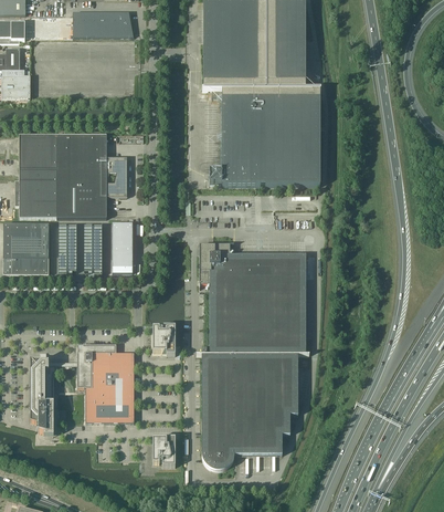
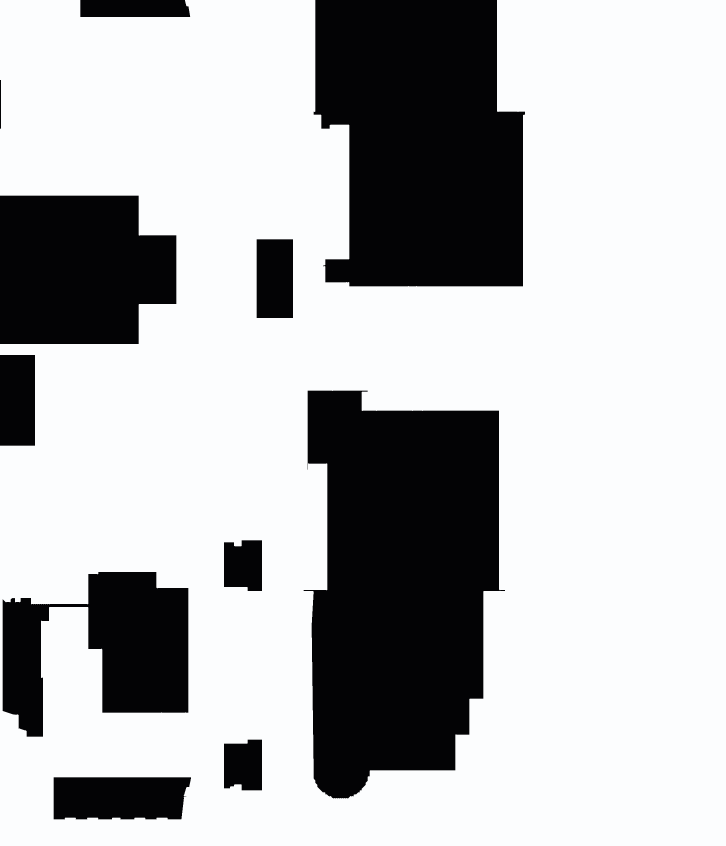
building: [112,223,133,268] -> [256,239,294,319]
building: [59,224,76,275] -> none
building: [84,224,102,274] -> none
building: none -> [53,777,192,820]

